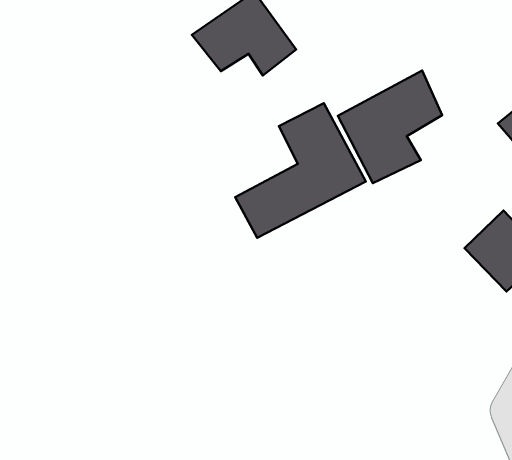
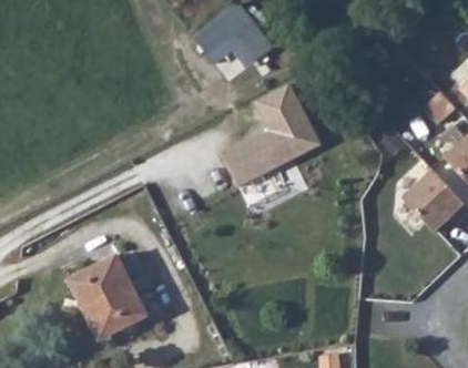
building: [338,71,442,183] -> none
building: none -> [70,256,147,339]

